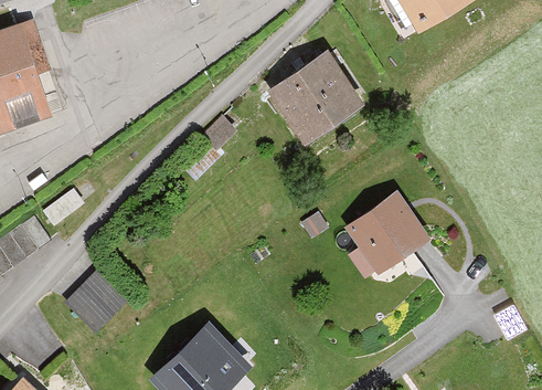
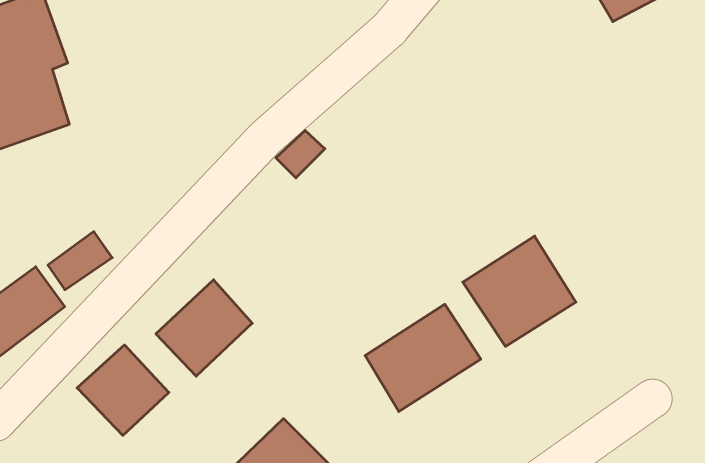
building: [267,48,365,143] -> none
building: none -> [156,280,252,376]
building: none -> [365,304,481,412]

